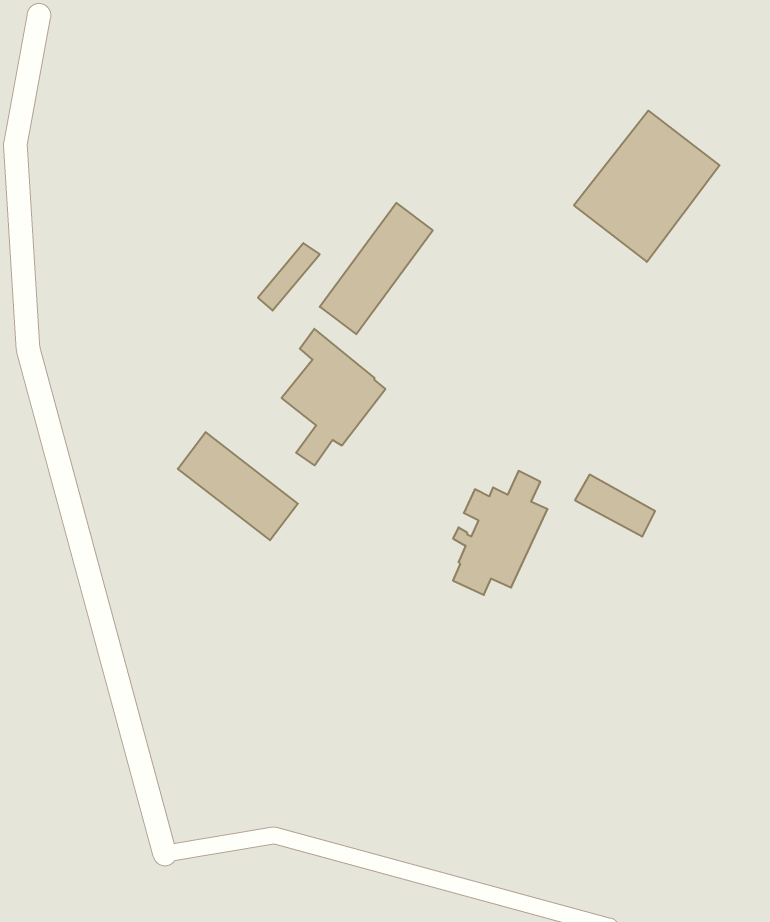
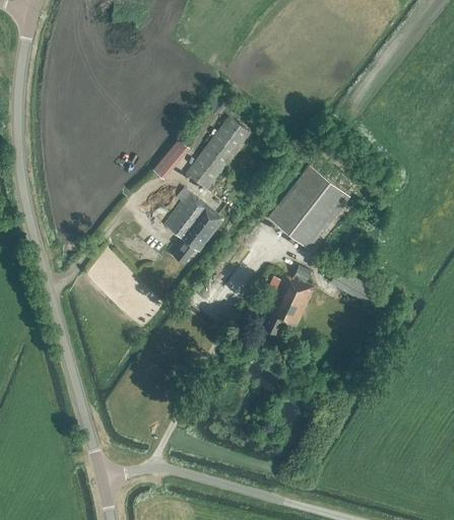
building: [574,111,720,262] -> [267,166,348,250]
building: [178,432,298,540] -> none

